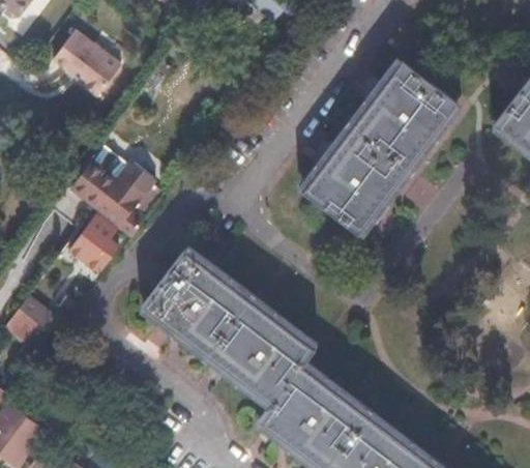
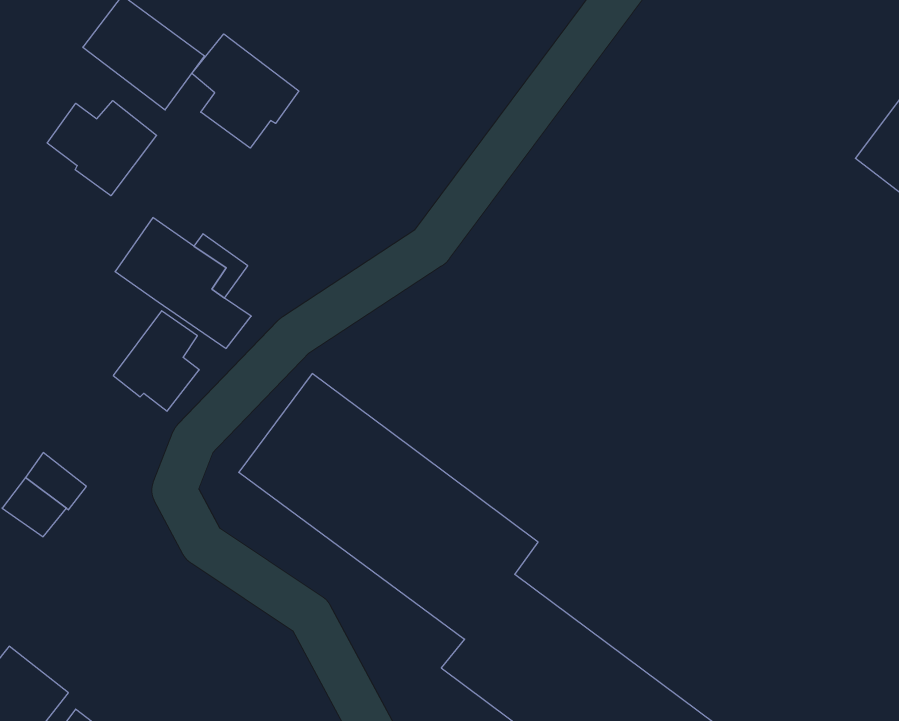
building: none -> [192,34,299,148]
building: [306,63,463,230] -> none
building: none -> [47,101,157,196]

